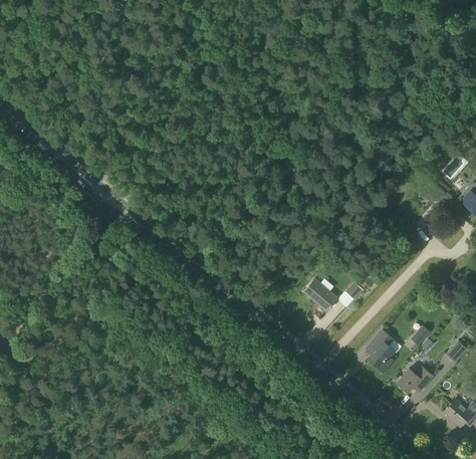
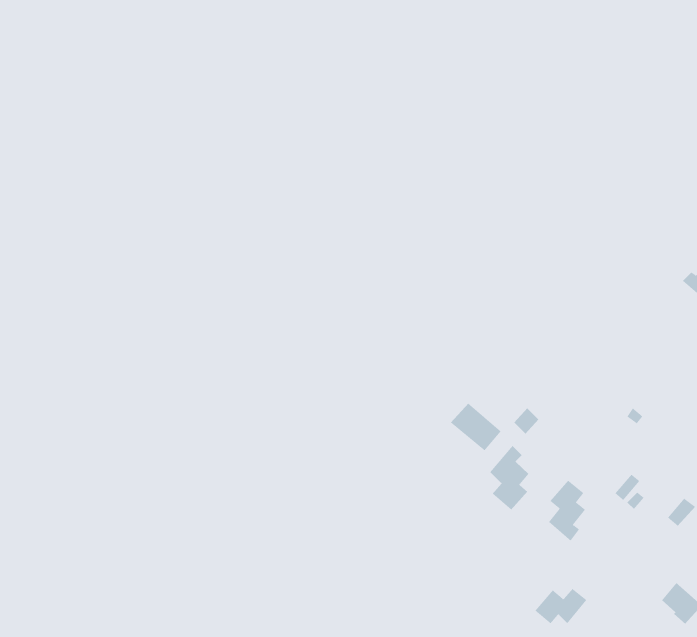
building: none -> [490,445,529,511]
building: [397,367,432,391] -> [534,588,587,624]

